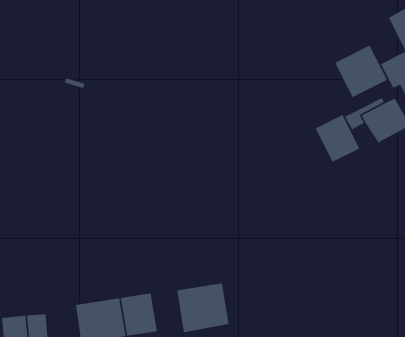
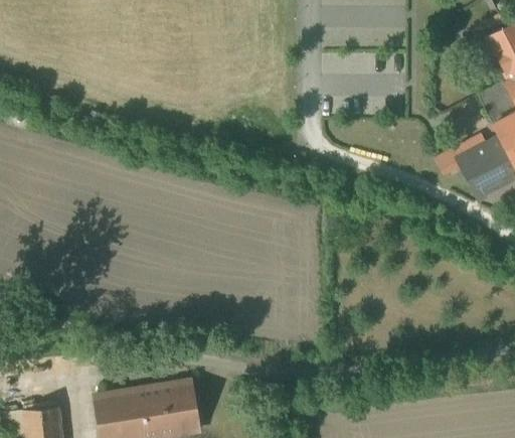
building: [334,44,388,98] -> none
building: [314,114,360,163] -> none
building: [177,282,229,333] -> none

